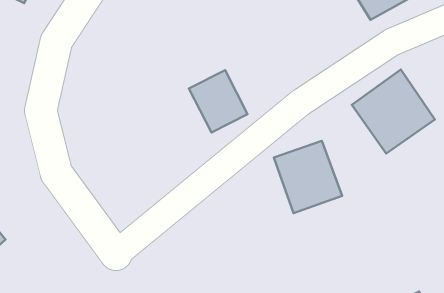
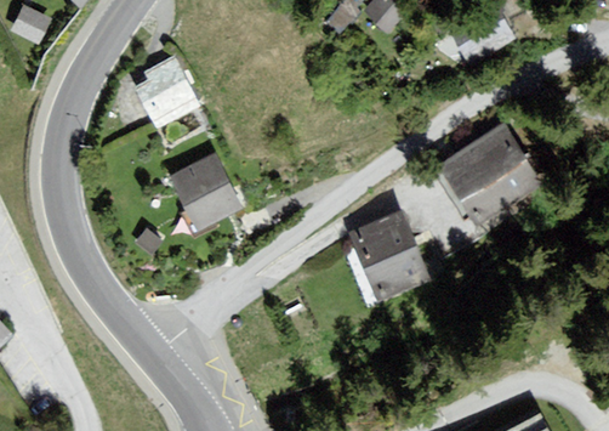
building: none -> [135,57,201,130]
building: [189,70,248,133] -> [171,152,244,229]

